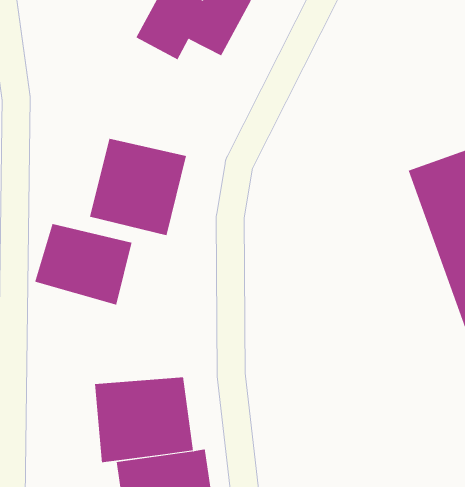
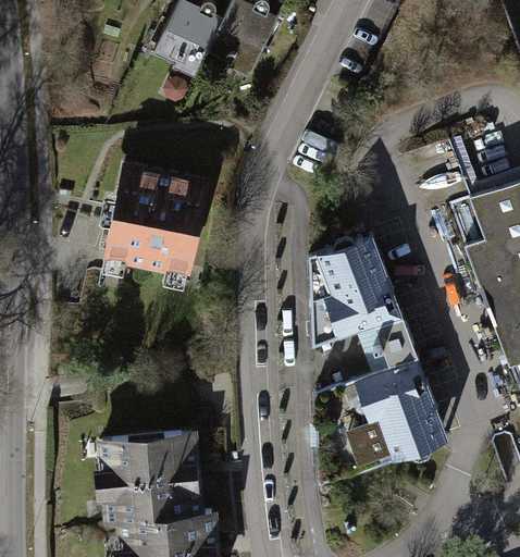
building: none -> [304,232,446,472]
building: [35,223,132,305] -> none

